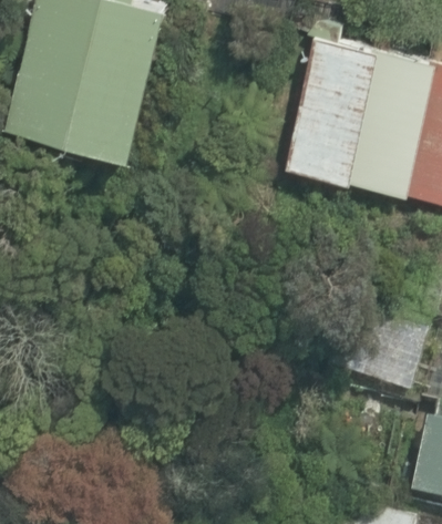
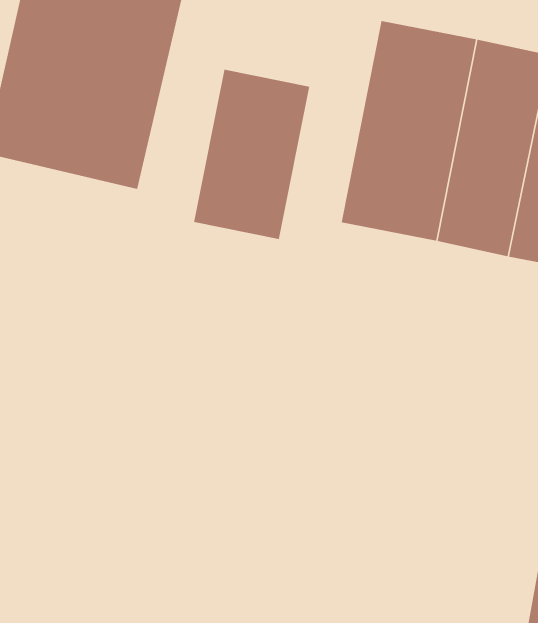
building: none -> [194,69,310,240]

